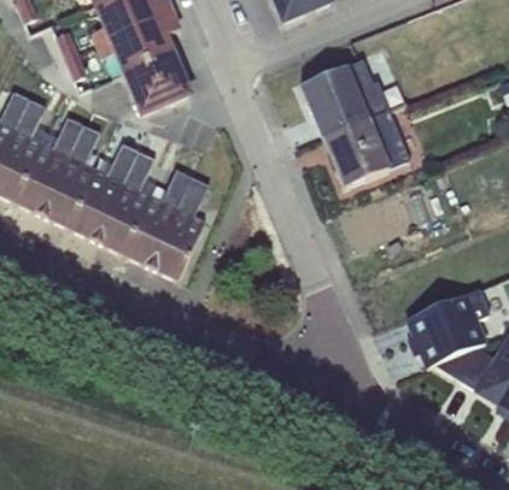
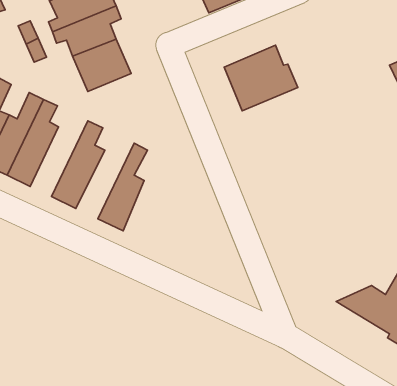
building: [322,110,410,188] -> none
building: [69,142,138,240] -> none
building: [123,167,193,266] -> none
building: [405,289,490,367] -> none

